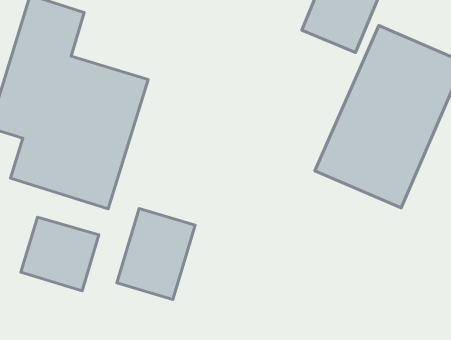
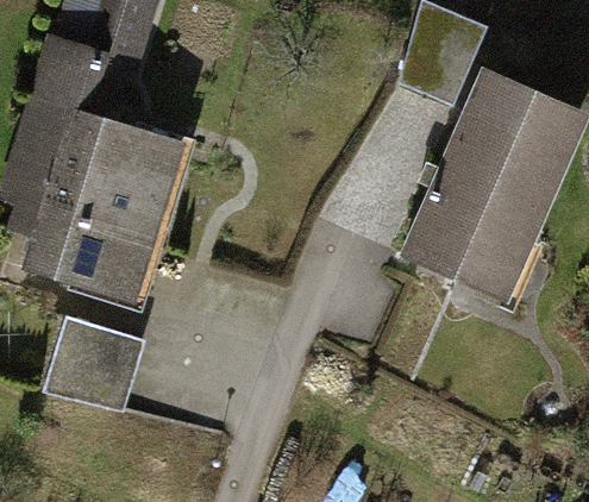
building: [117,208,195,300] -> none

